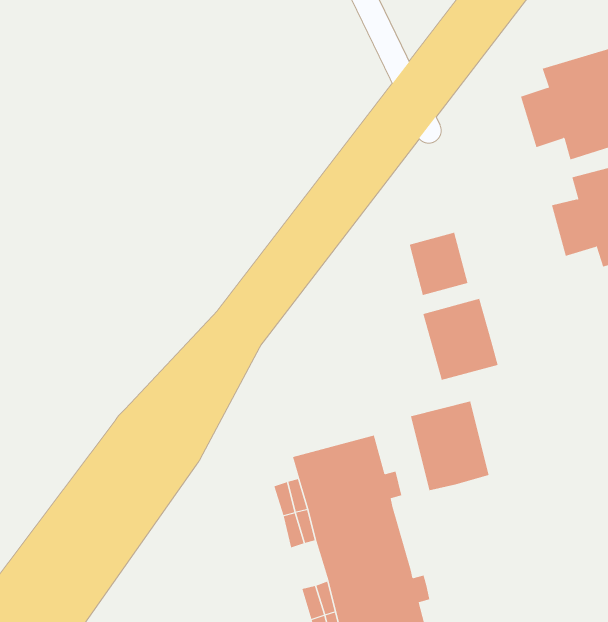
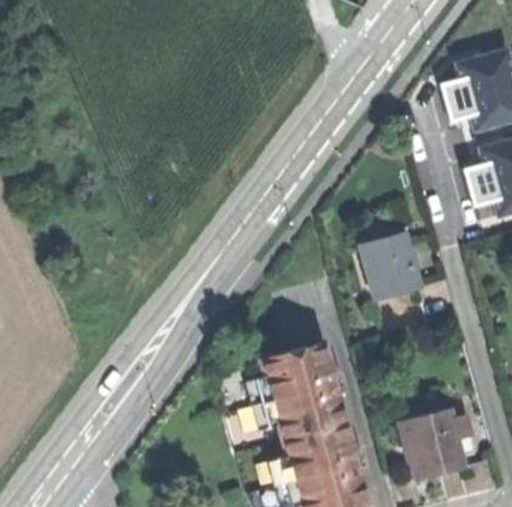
building: [409,232,468,296] -> none
building: [410,401,489,491] -> [402,409,464,479]

